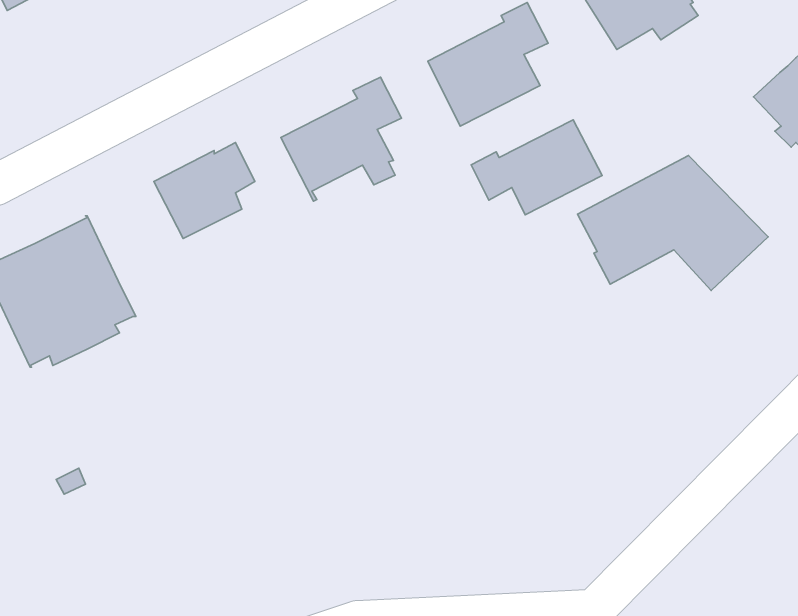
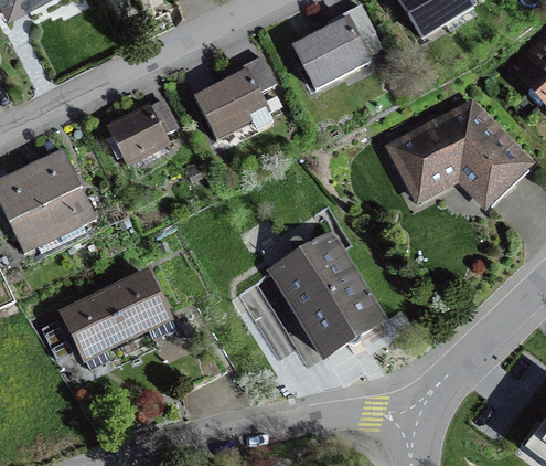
building: [471,120,602,215] -> none
building: none -> [271,234,381,353]
building: none -> [63,272,171,366]

